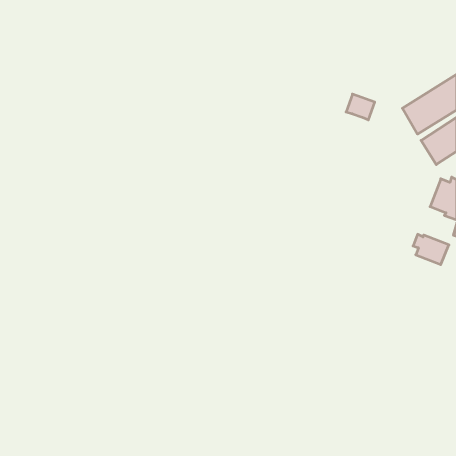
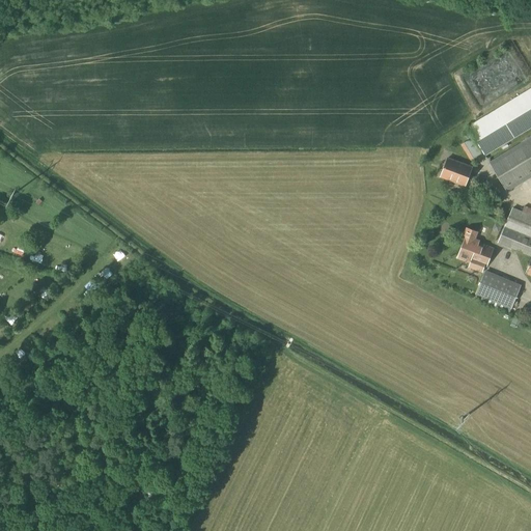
building: [346,94,375,120] -> [441,157,474,187]
building: none -> [457,227,494,272]

